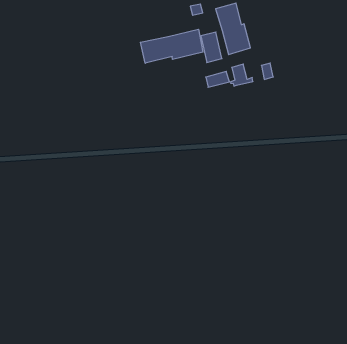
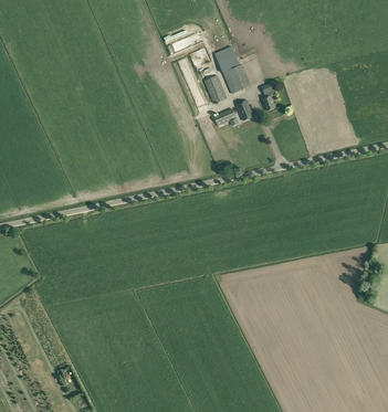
building: [140,29,203,63] -> none

